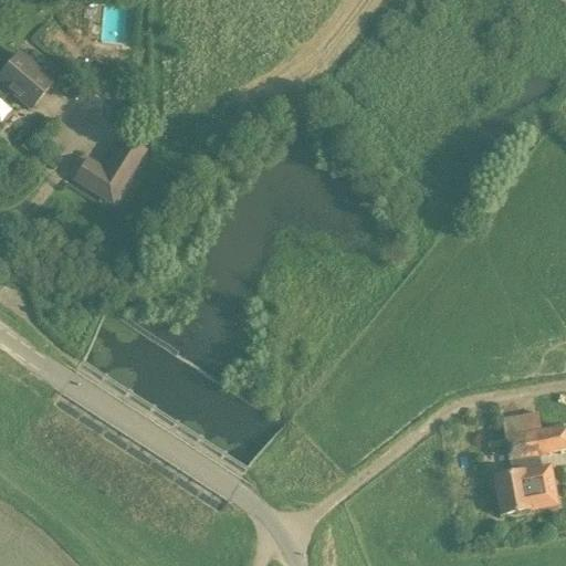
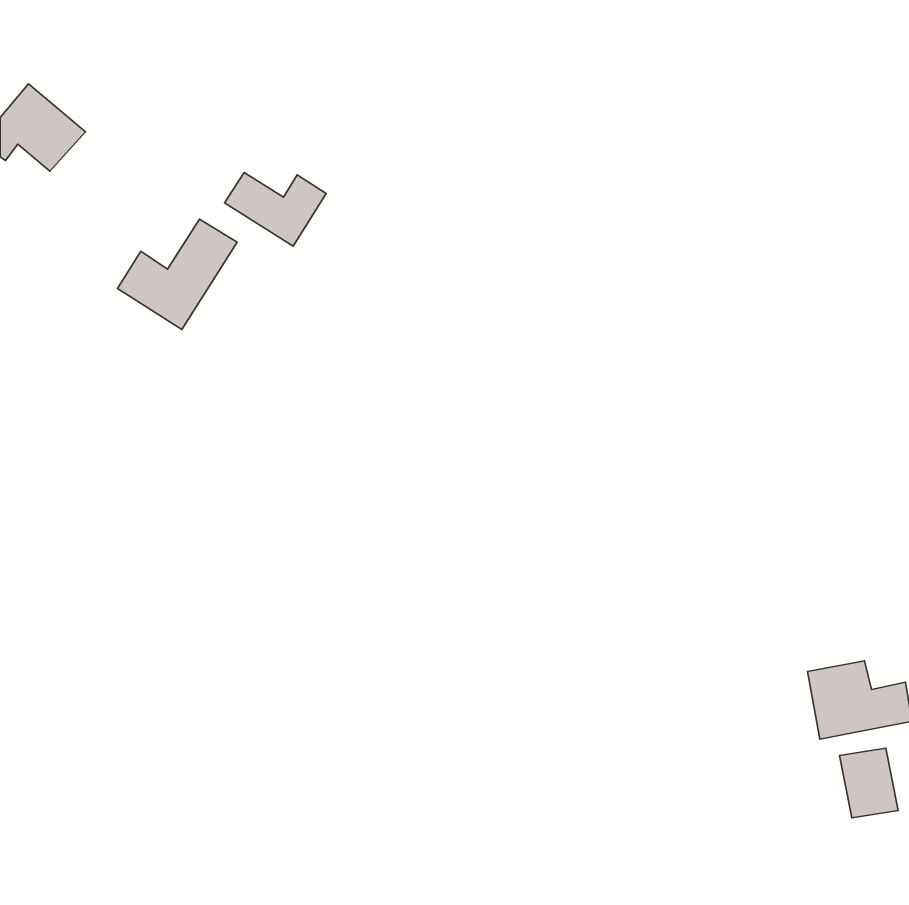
building: none -> [225,173,326,246]
building: [494,469,530,513] -> none

